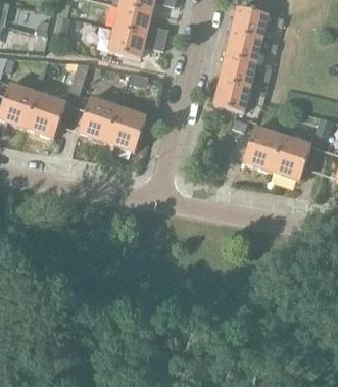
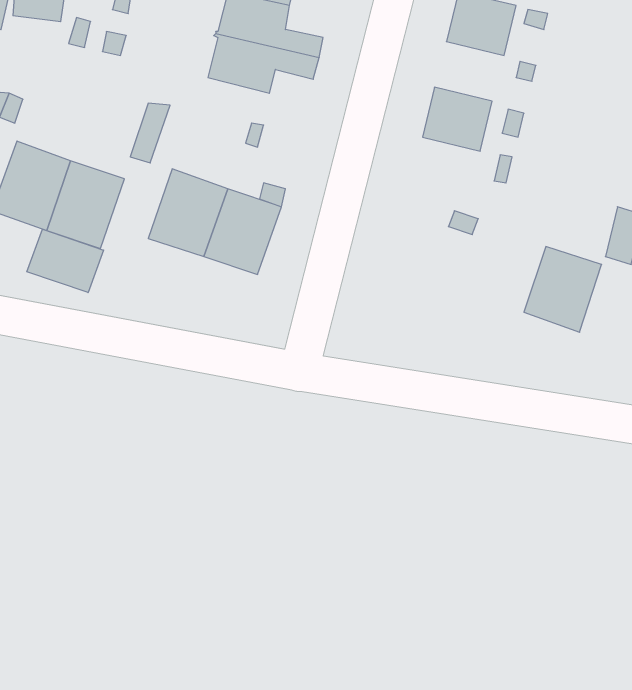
building: [225,32,260,62] -> none
building: [212,81,248,111] -> none
building: [243,128,282,171] -> none
building: none -> [27,229,104,293]

